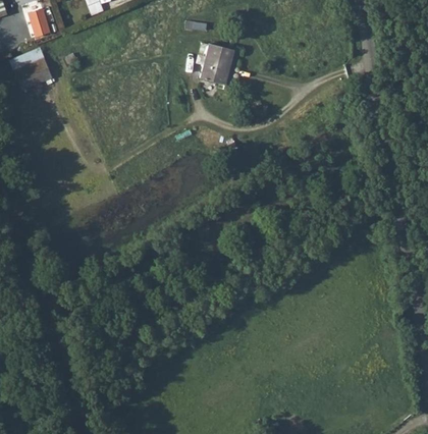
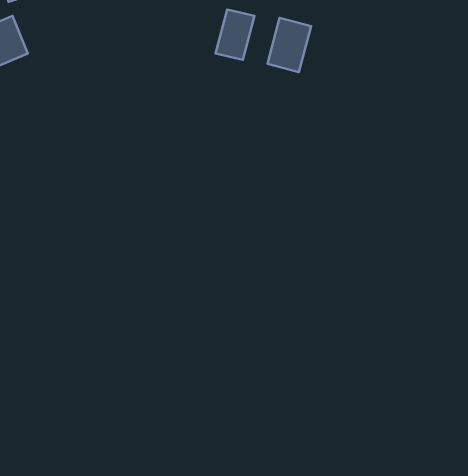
building: none -> [267,18,311,72]

